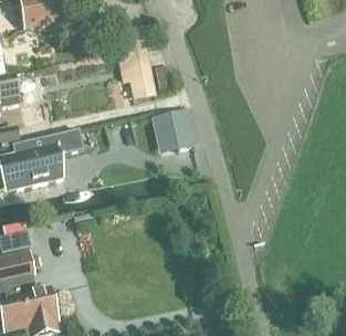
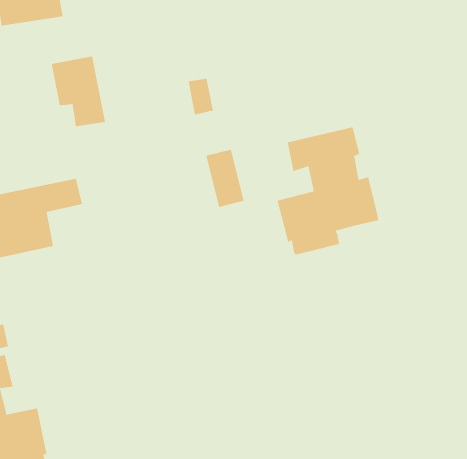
building: [117,46,155,95] -> [51,56,106,127]
building: none -> [277,126,379,256]

